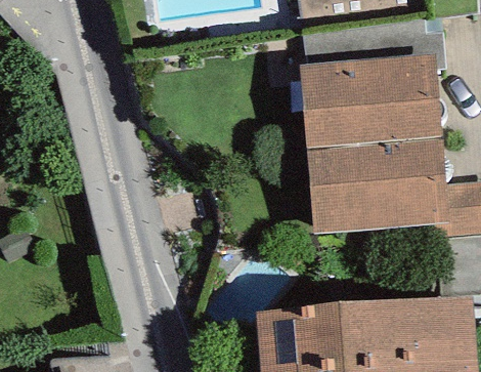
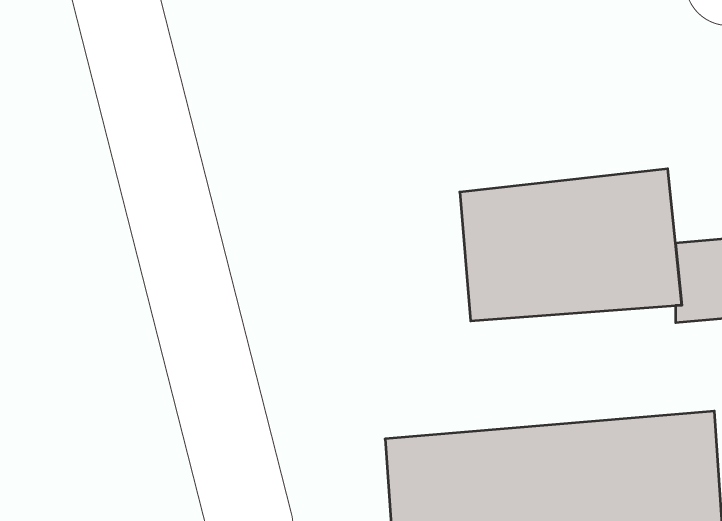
building: [300,53,442,152] -> none

